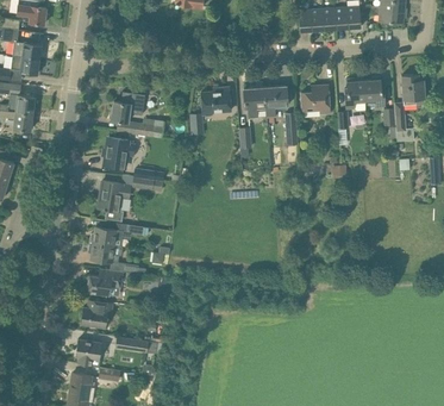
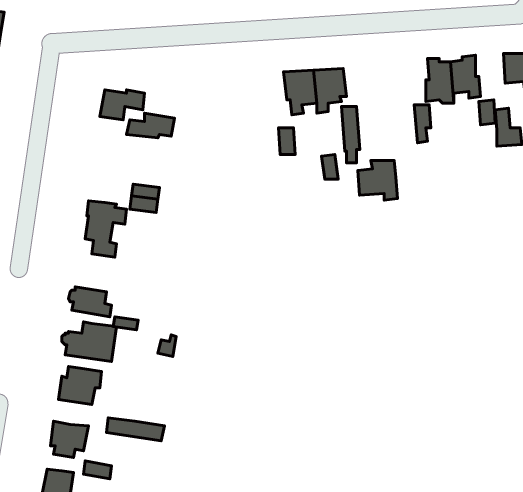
building: [301,86,330,114] -> [358,161,397,200]
building: [201,87,231,115] -> none
building: [105,137,135,168] -> none
building: [90,225,144,248] -> none

